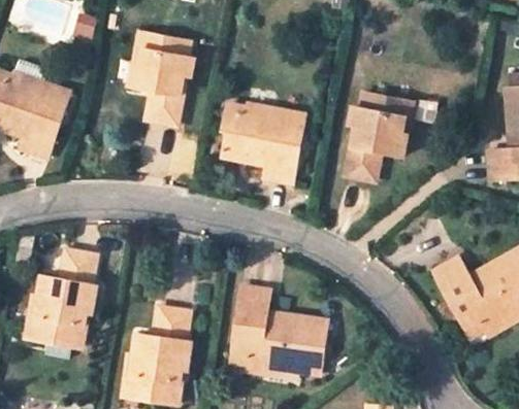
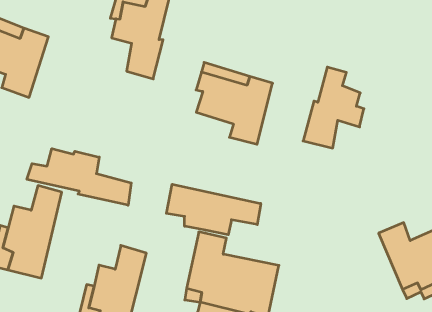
building: [381,103,419,140] -> none
building: none -> [27,149,131,205]
building: none -> [166,184,261,235]

